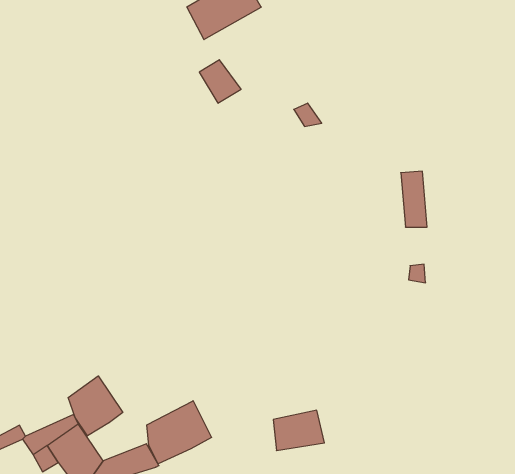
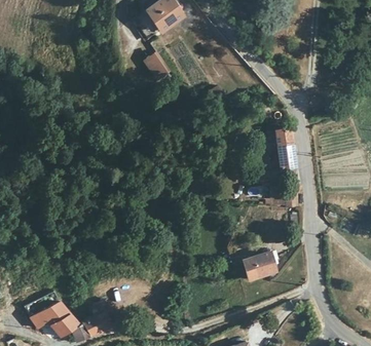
building: [68,376,123,436] -> none
building: [147,401,212,464] -> none
building: [273,410,324,451] -> [237,251,271,277]

